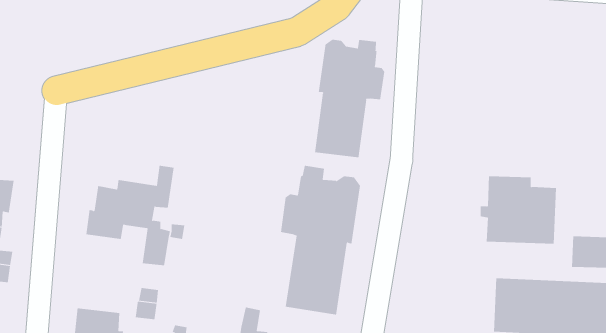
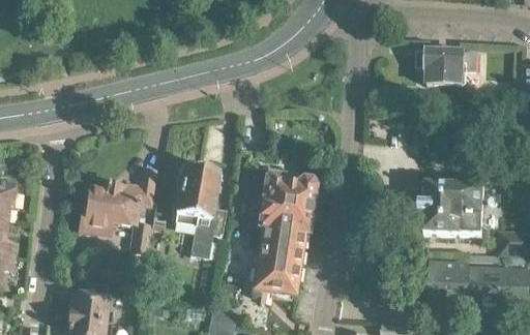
building: none -> [415,48,478,89]
building: [314,39,385,158] -> none
building: none -> [175,163,227,256]

